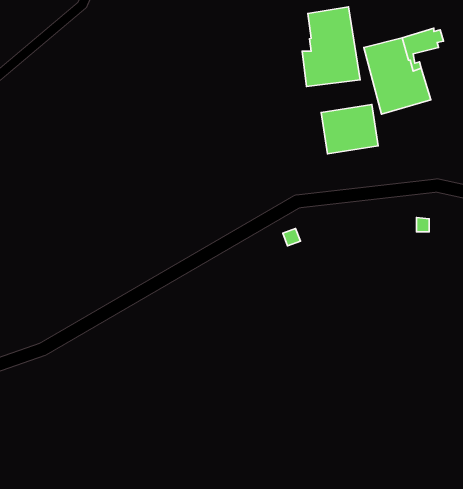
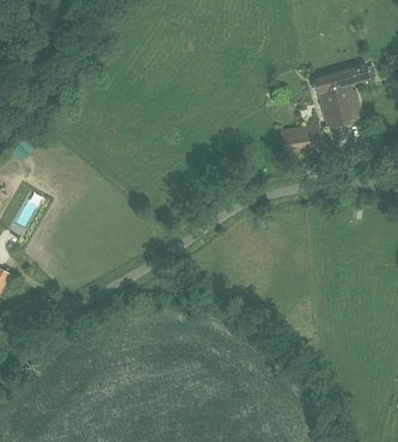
building: [302,7,360,87] -> none

